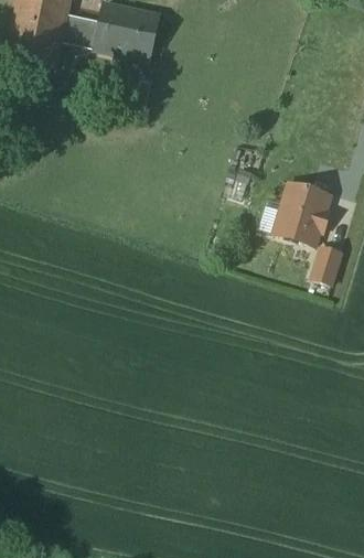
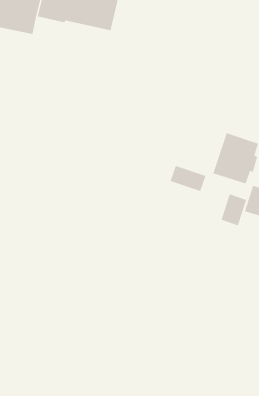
building: none -> [170,165,206,192]
building: none -> [221,193,247,226]

